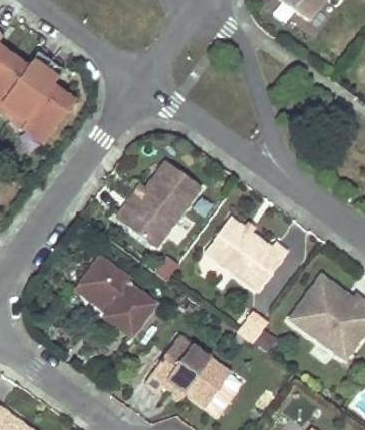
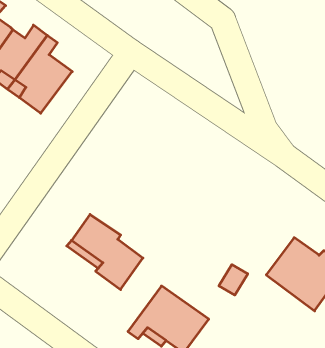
building: [113,161,198,246] -> none
building: [204,221,285,292] -> none

